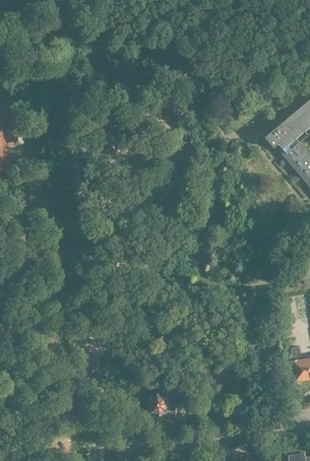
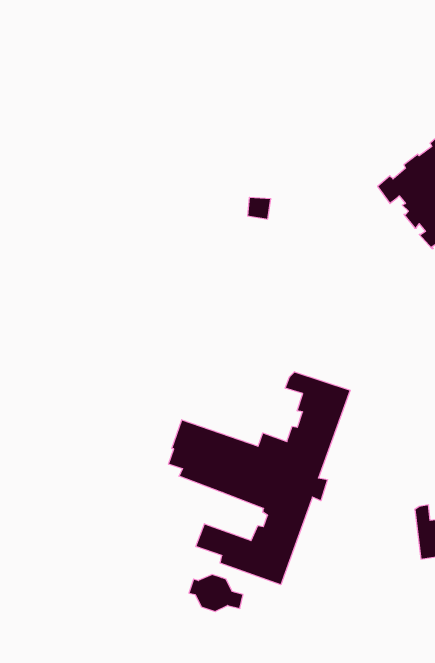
building: none -> [169,372,350,585]

